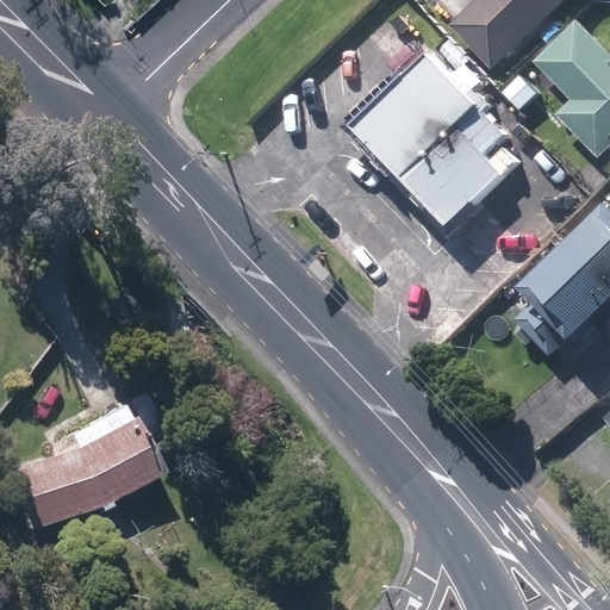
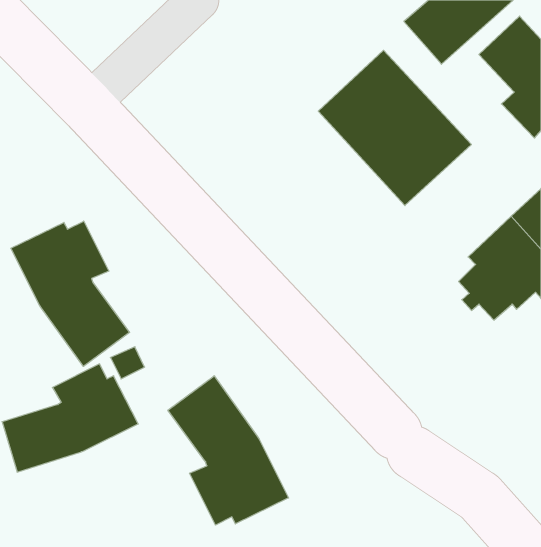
building: none -> [11,221,130,366]
building: none -> [168,376,289,525]

